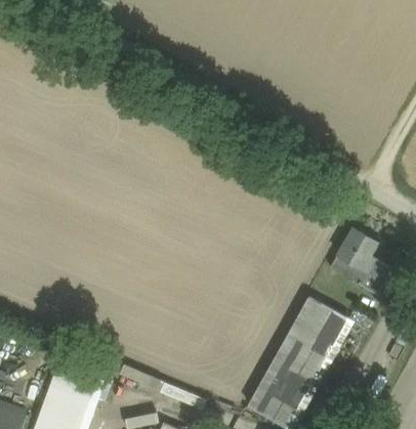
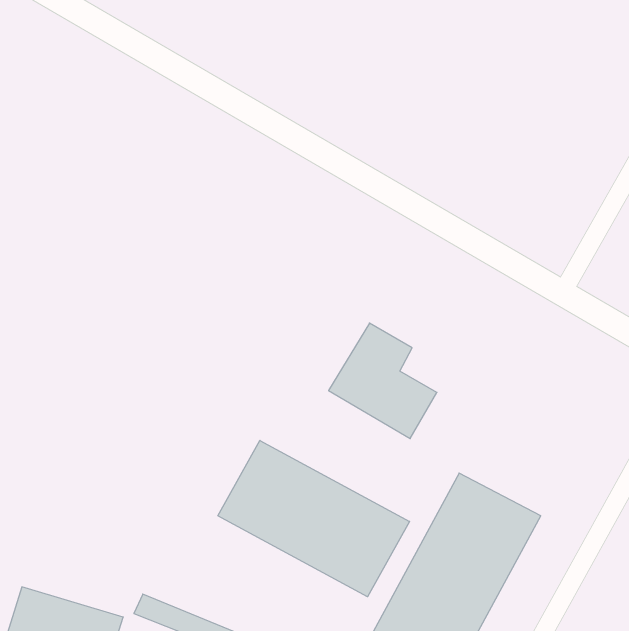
building: [330,229,392,296] -> [329,323,437,439]
building: none -> [218,440,410,597]

